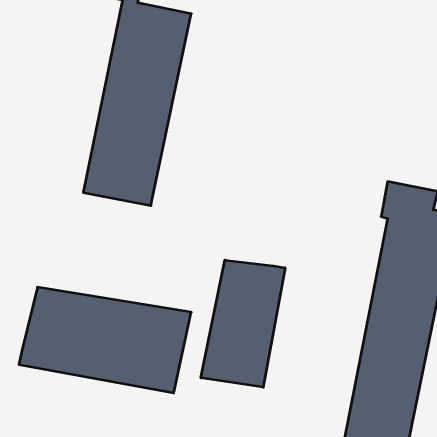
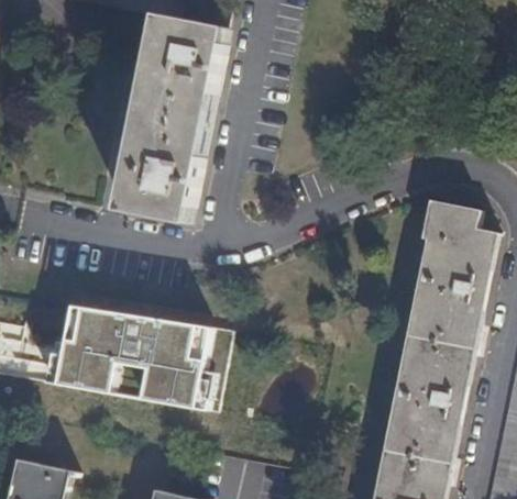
building: [201,260,285,387] -> none

